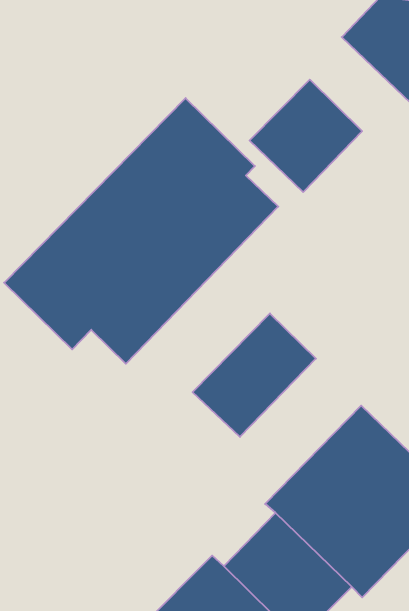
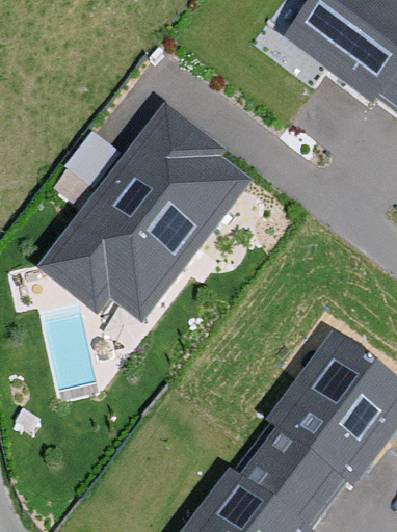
building: [250,80,362,192] -> none
building: [193,313,316,437] -> none

